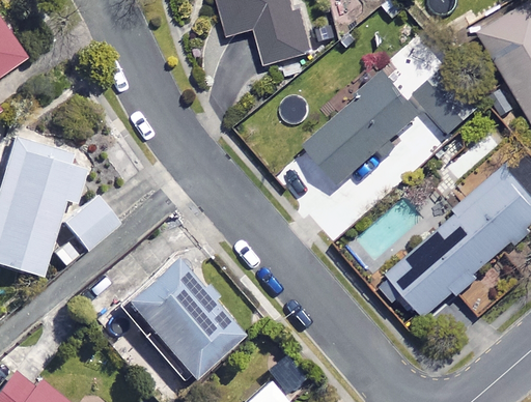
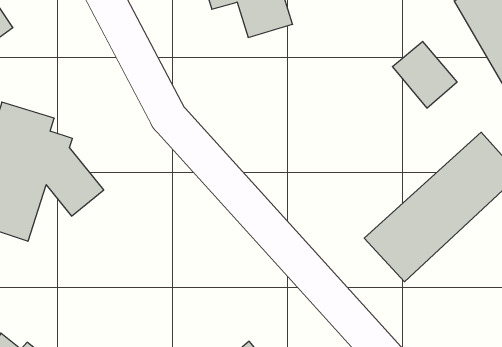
building: [304,74,420,184] -> none
building: [121,254,243,378] -> none

